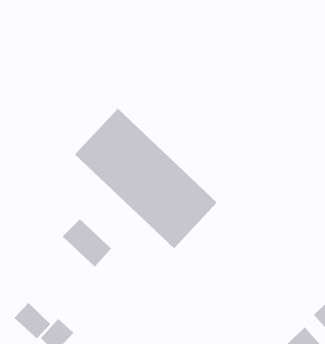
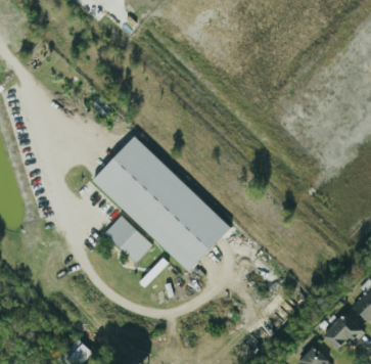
building: [62,219,112,267] -> [104,215,152,262]
building: [14,302,51,339] -> none

